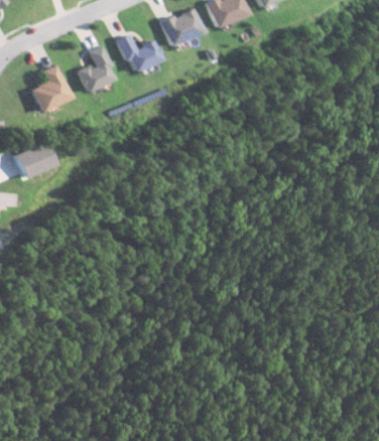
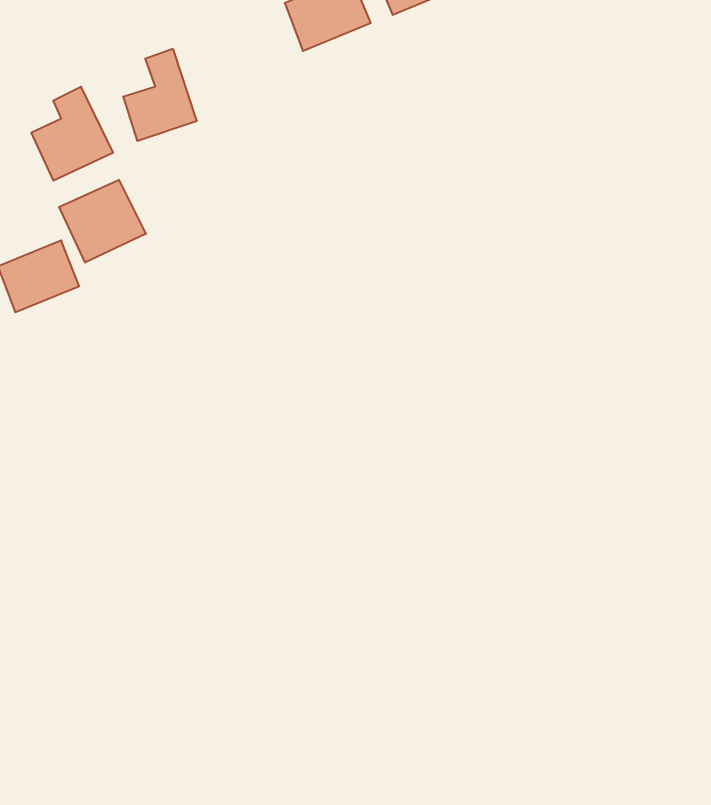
building: [117,34,161,71] -> none
building: none -> [59,180,146,263]

